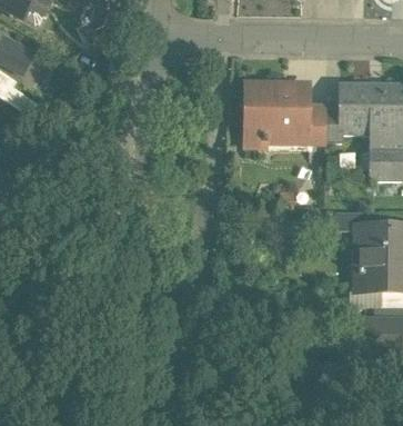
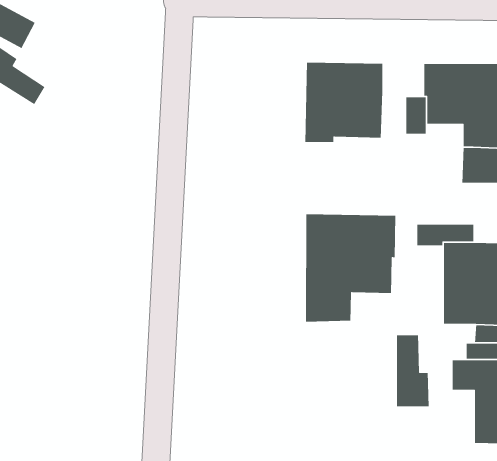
building: [304,105,324,142] -> none
building: none -> [305,214,396,323]
building: none -> [396,334,430,407]

